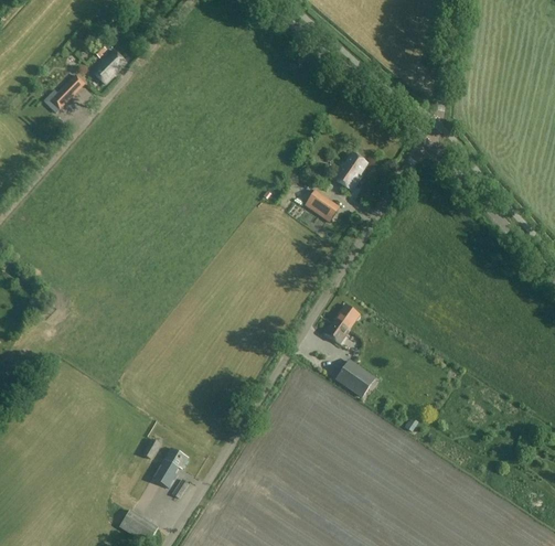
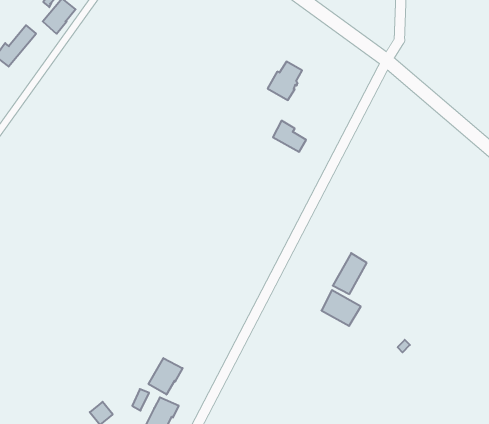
building: [332,153,367,191] -> [268,62,302,100]
building: [324,303,360,343] -> [333,253,367,294]
building: none -> [149,358,183,395]

